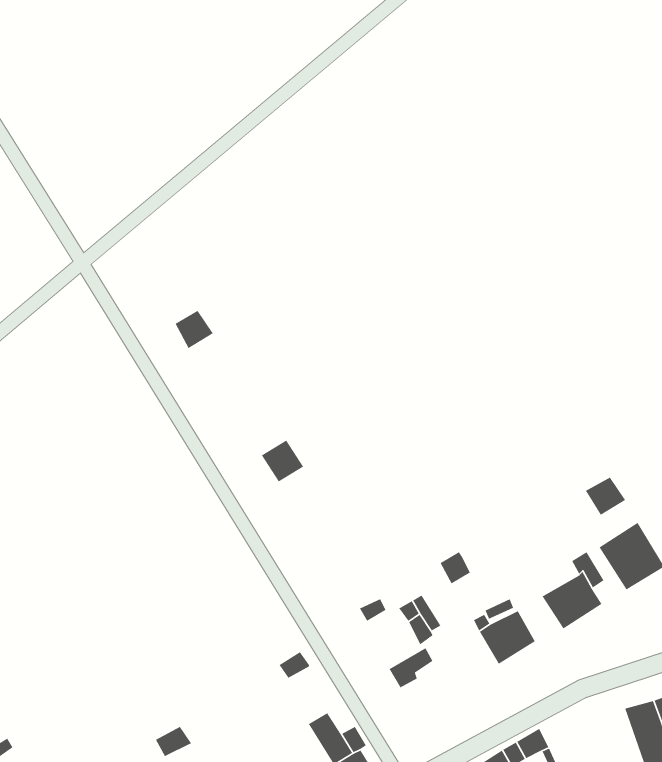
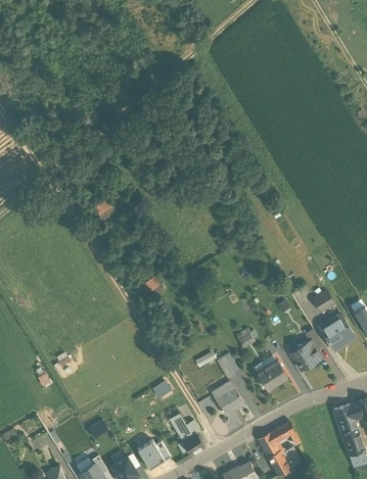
building: none -> [216,386,243,414]

